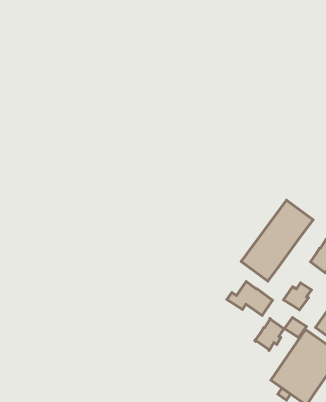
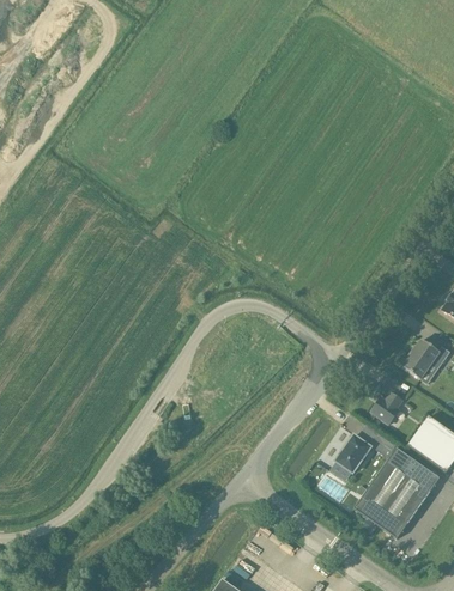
building: [241,200,313,281] -> none
building: [227,282,273,316] -> none

